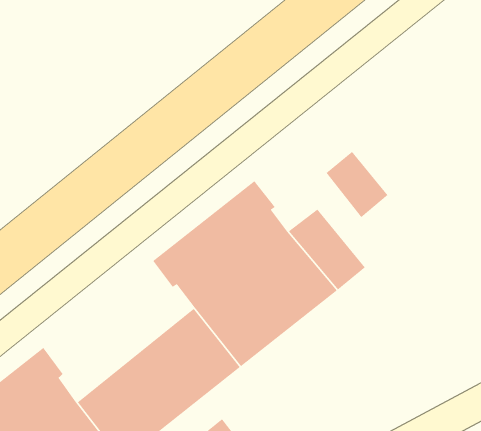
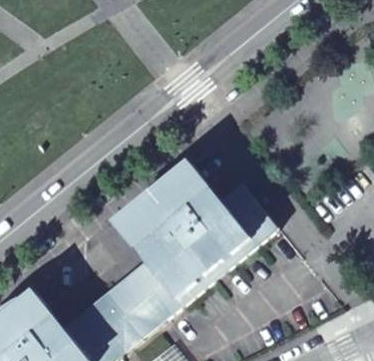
building: [325,151,388,218] -> none

